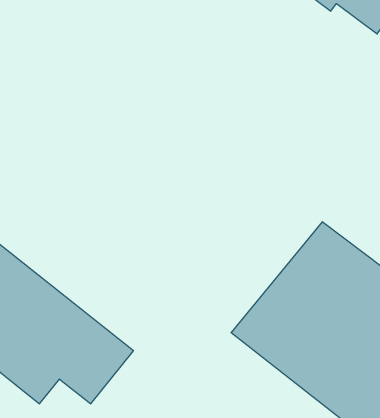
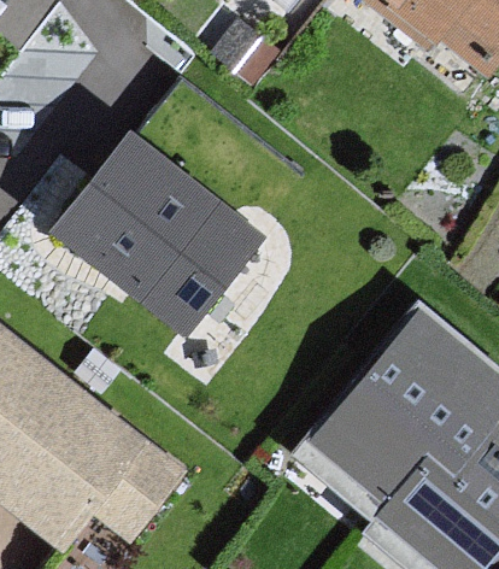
building: none -> [57,136,256,328]

